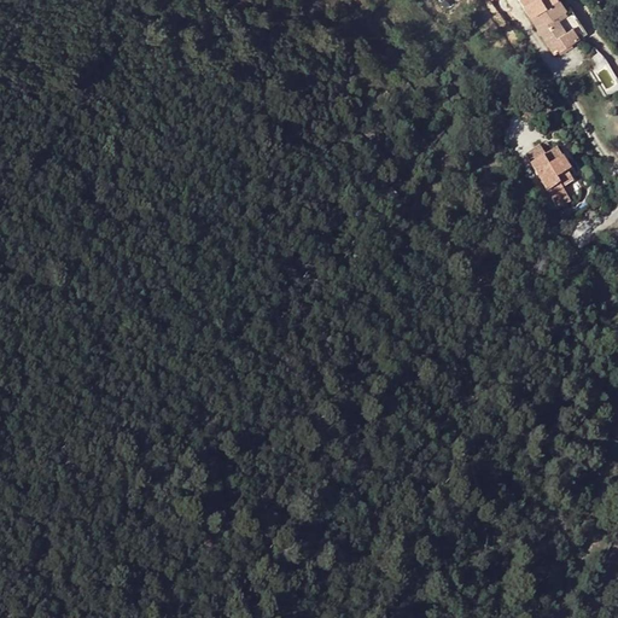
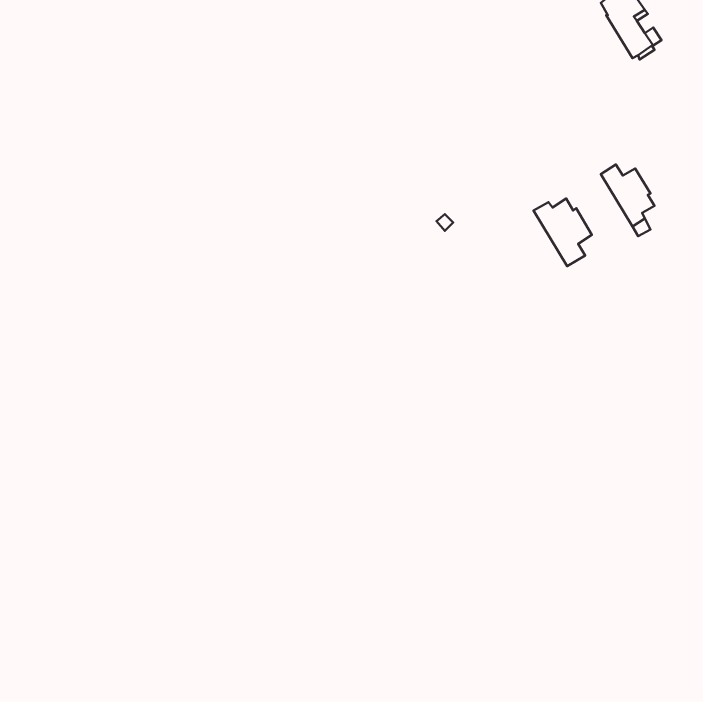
building: none -> [533,198,592,266]

